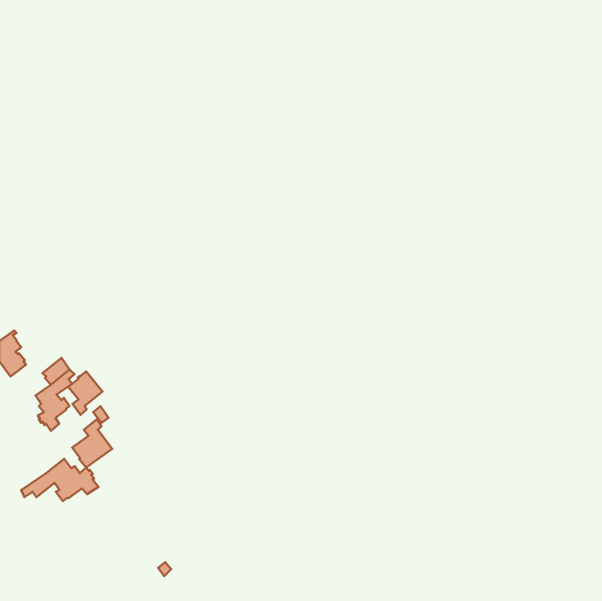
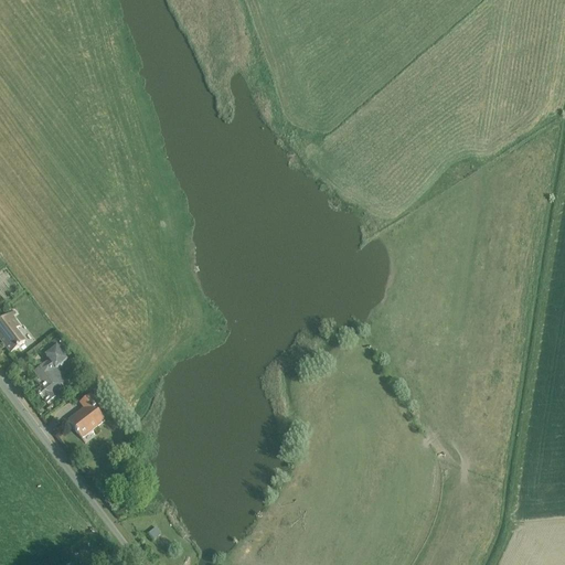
building: [68,372,103,415] -> none
building: [21,459,99,501] -> none

